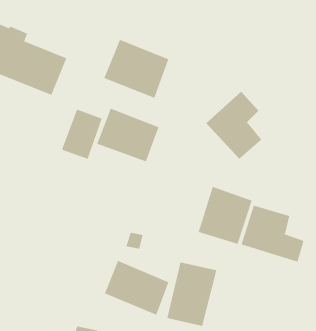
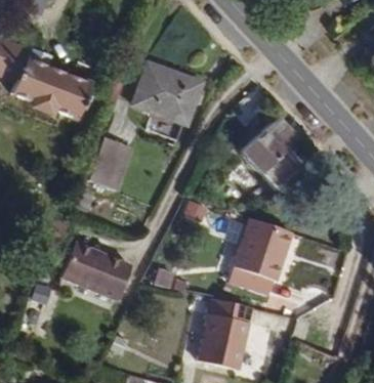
building: [96,108,159,162] -> none
building: [241,205,304,262] -> none
building: [104,260,169,315] -> [60,242,130,301]

